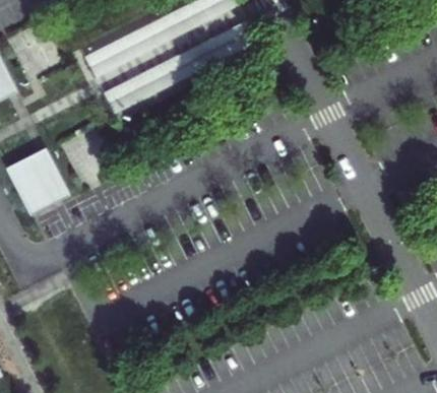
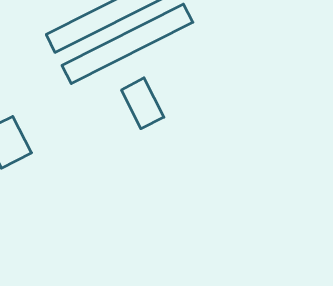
building: none -> [122,78,164,129]

